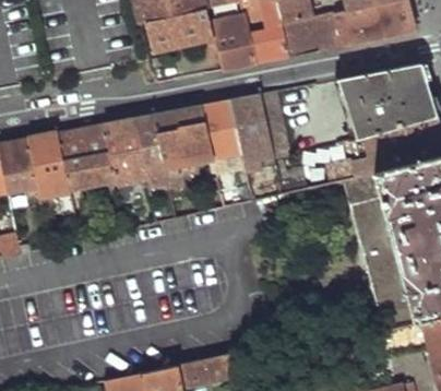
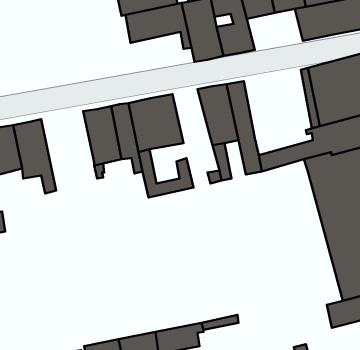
building: [281,12,342,57] -> none
building: [200,99,241,158] -> none
building: [57,123,115,189] -> none

